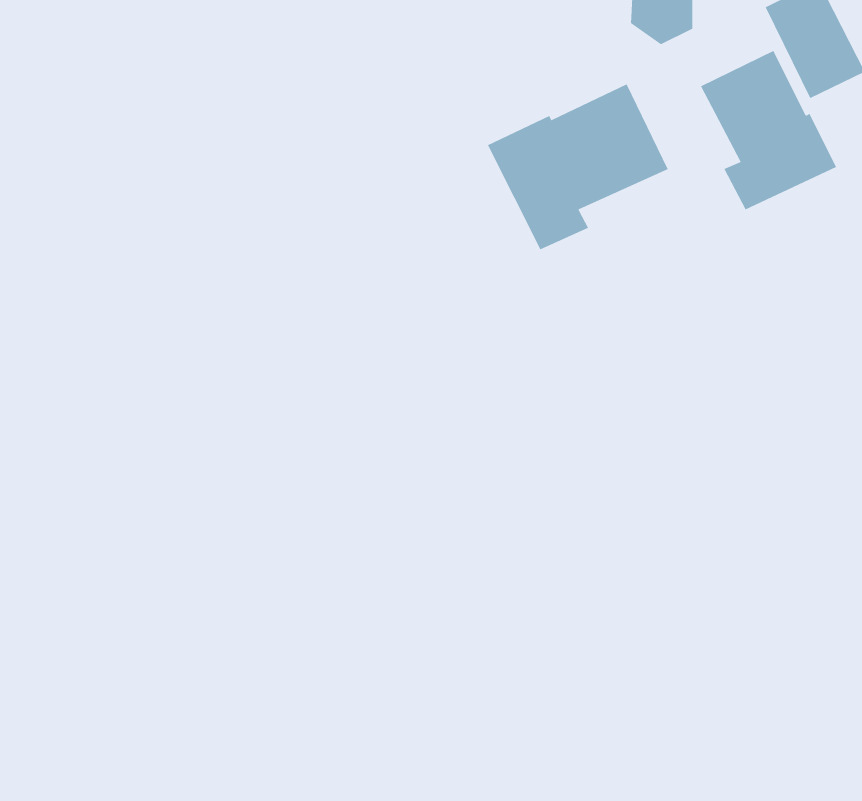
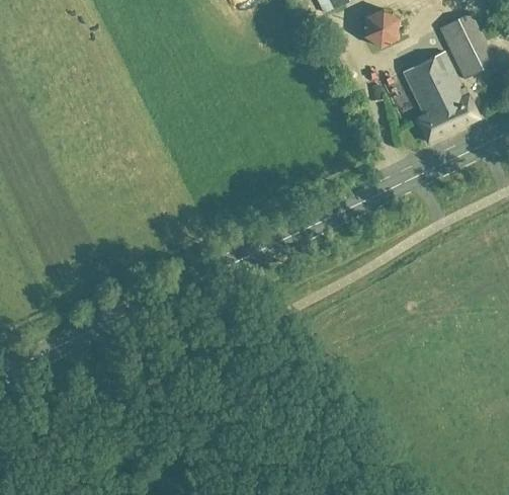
building: [487,84,669,250] -> none

